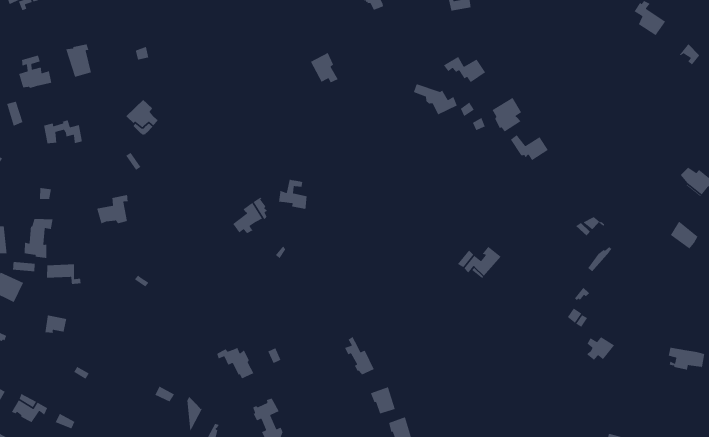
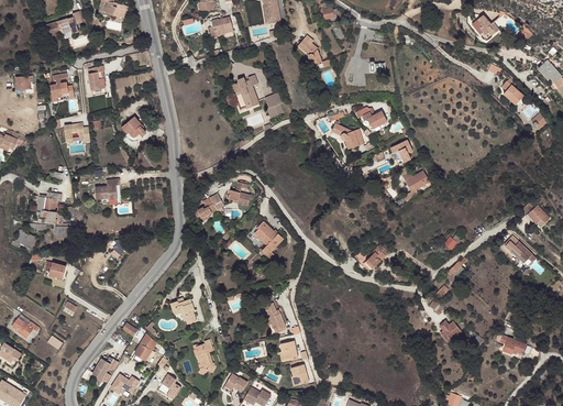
building: none -> [232,76,257,108]
building: none -> [253,221,283,260]

